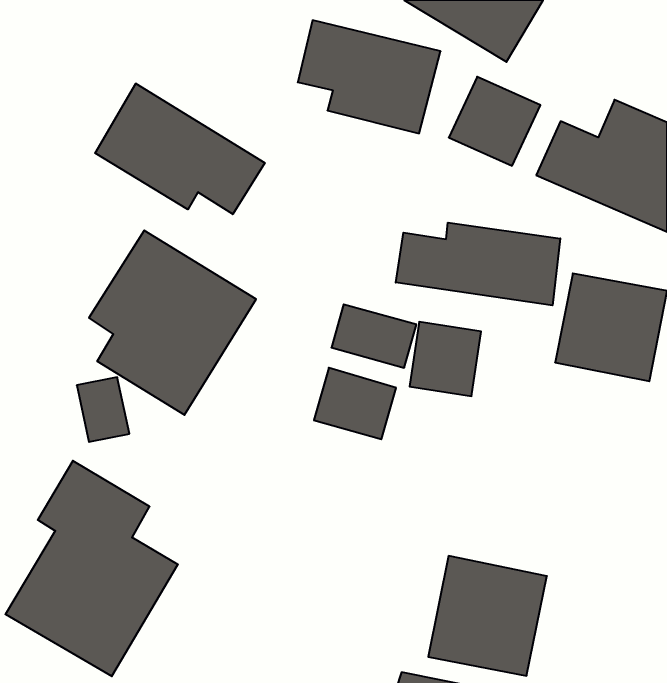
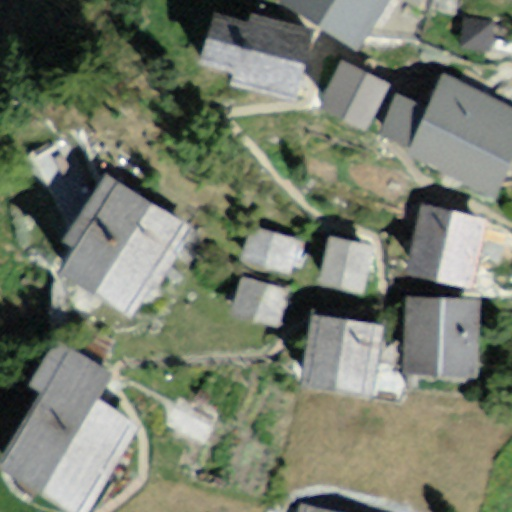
building: [95,83,265,214] -> none
building: [396,223,560,305] -> none
building: none -> [409,297,482,370]
building: [428,556,547,676] -> [309,312,397,401]

